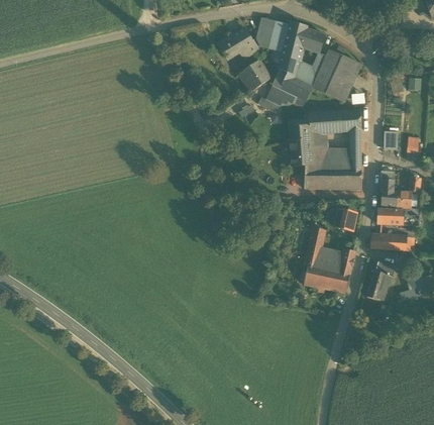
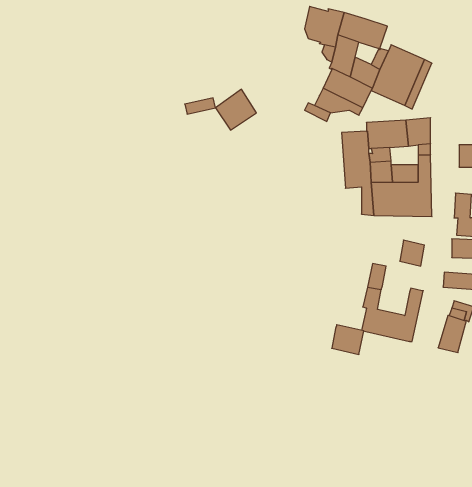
building: [218,28,259,58] -> none
building: [239,60,273,93] -> [216,89,256,130]
building: [318,247,344,272] -> [332,325,364,354]

